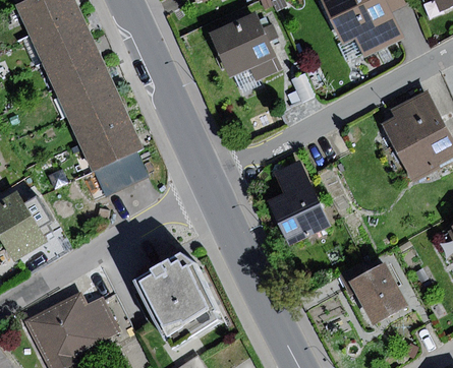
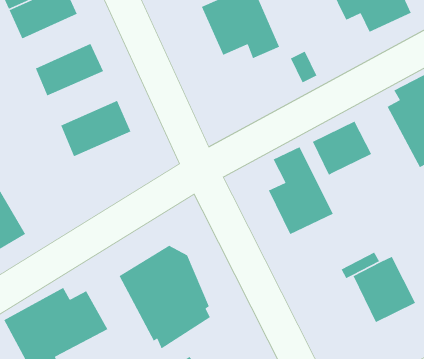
building: [42,39,106,88] -> none
building: [65,91,130,141] -> none
building: none -> [312,120,372,176]
building: [93,150,148,194] -> none

